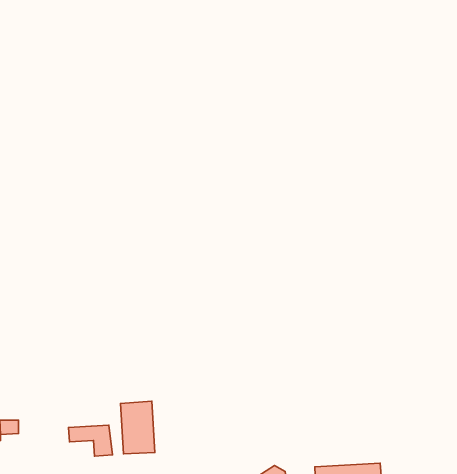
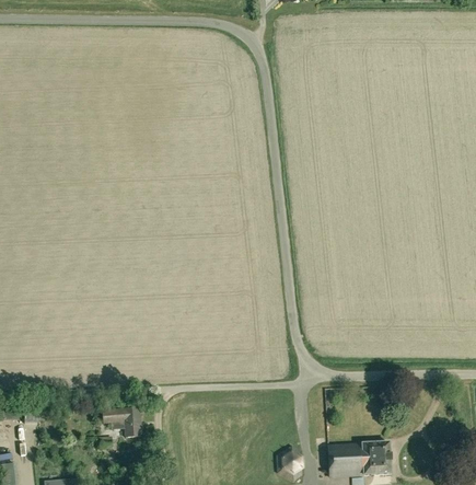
building: [121,401,155,454] -> none

